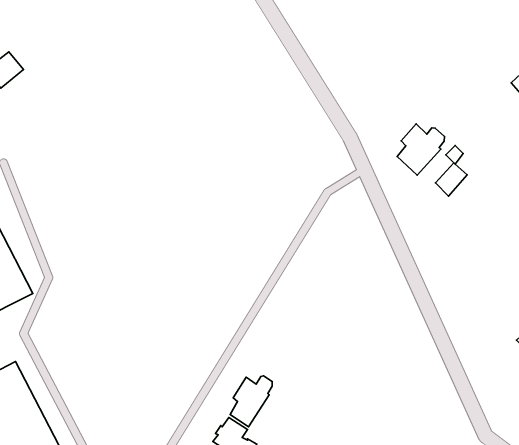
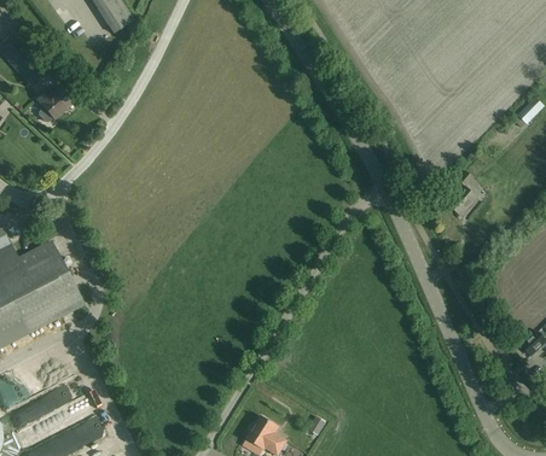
building: [397,124,444,175] -> none
building: [230,376,272,427] -> none

